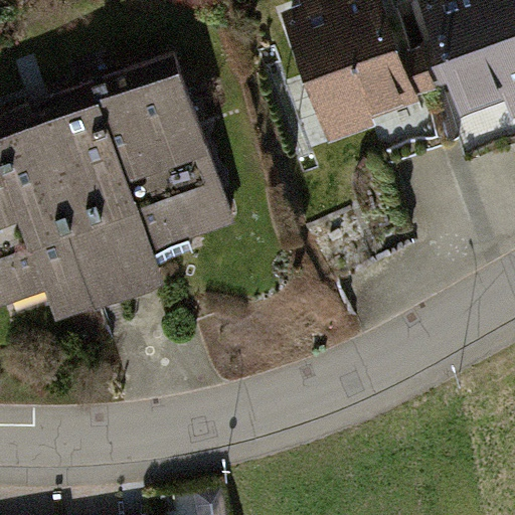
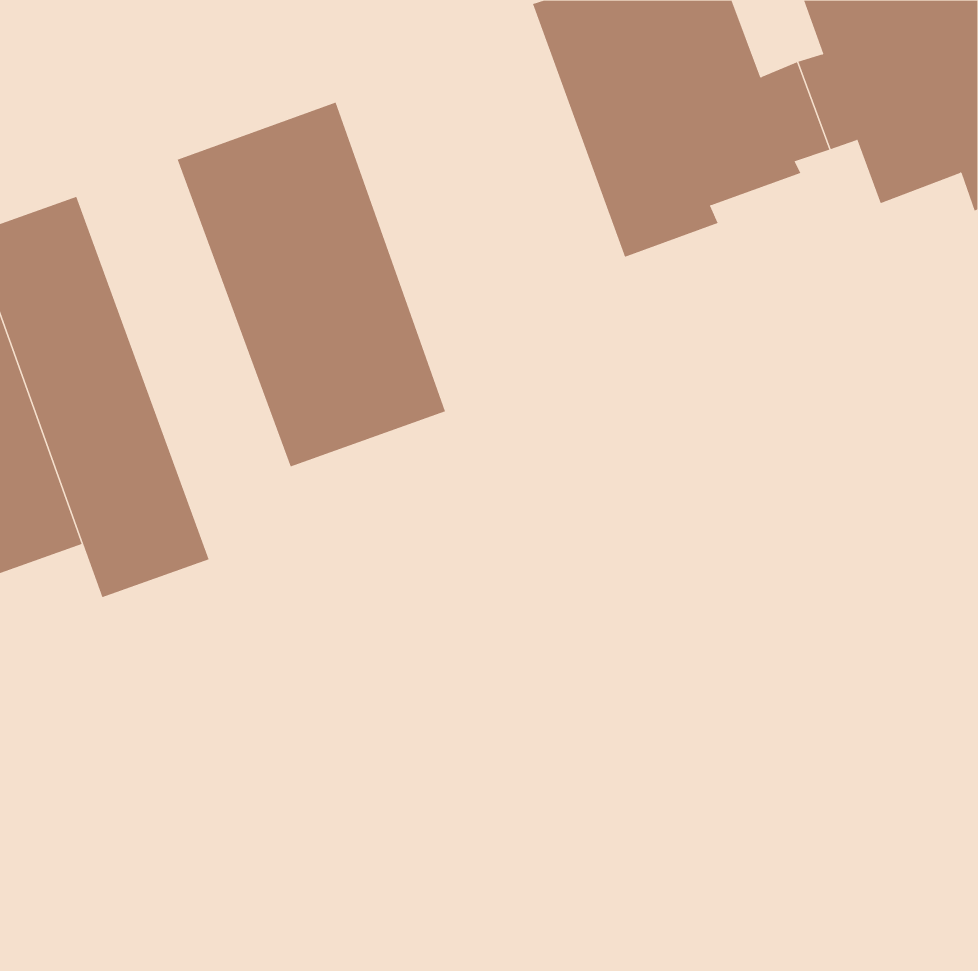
building: [40,90,163,299] -> none

